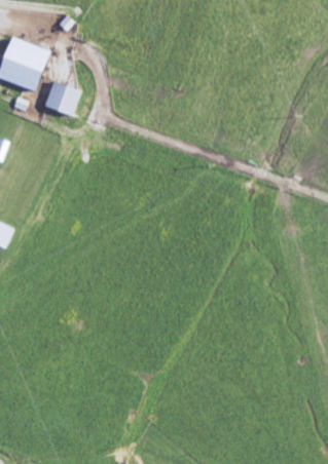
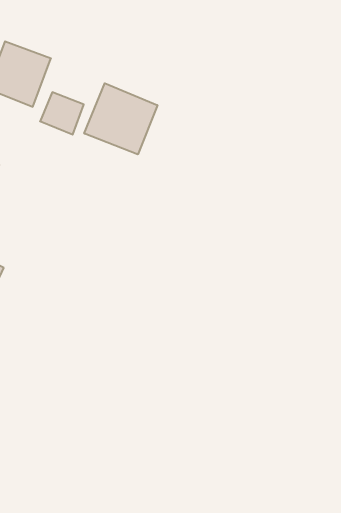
building: none -> [84,83,157,154]

